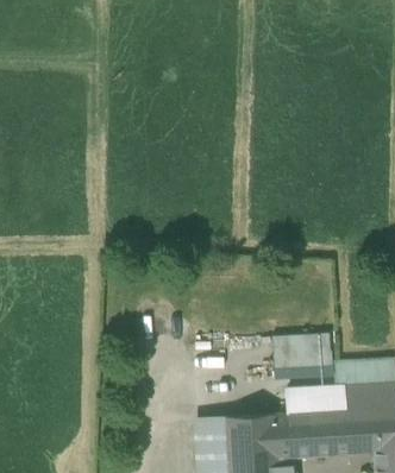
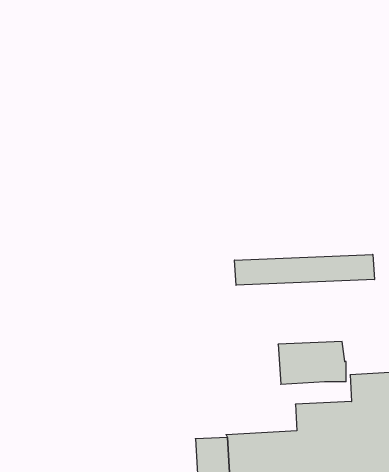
building: none -> [235,254,374,285]

